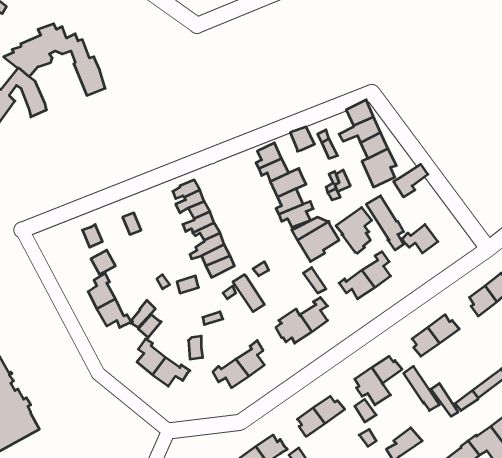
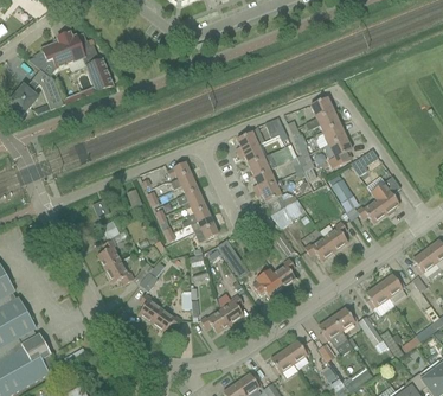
building: [336,207,372,253] -> [371,175,400,213]

